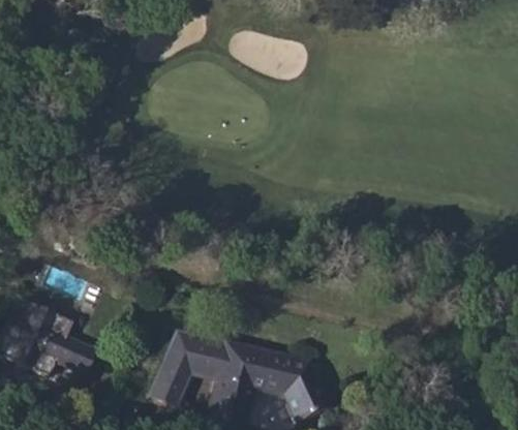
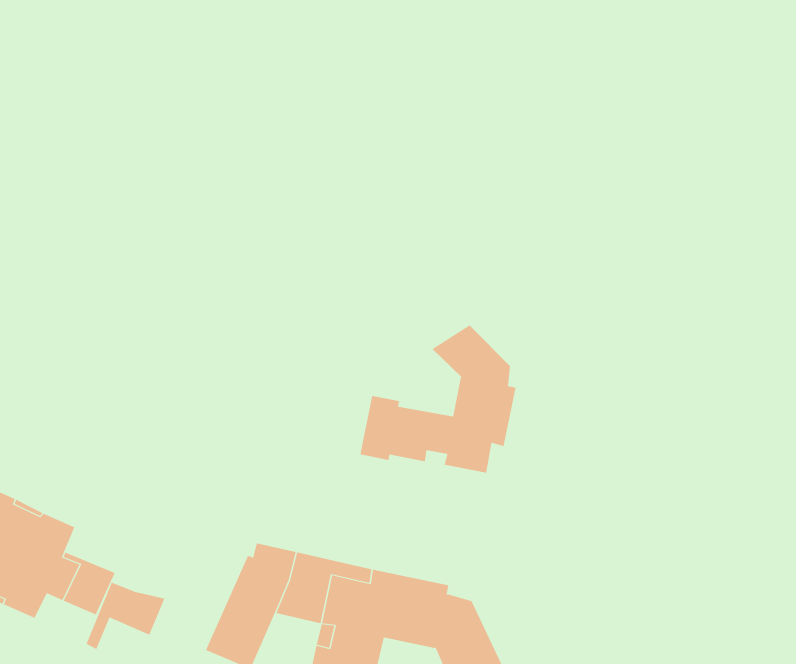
building: none -> [360,325,516,474]
building: none -> [86,582,165,650]

